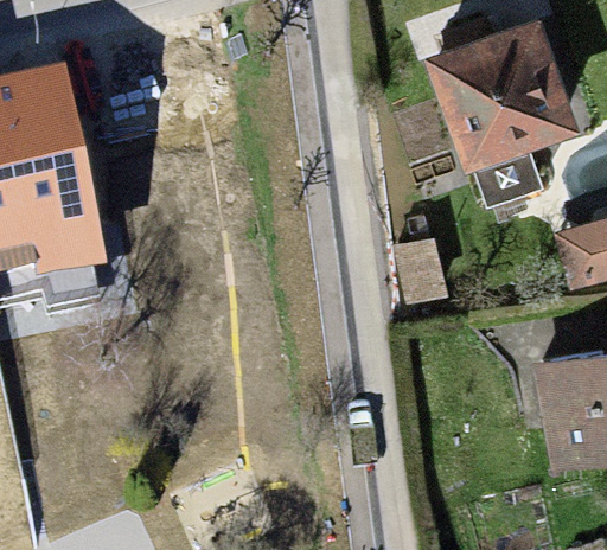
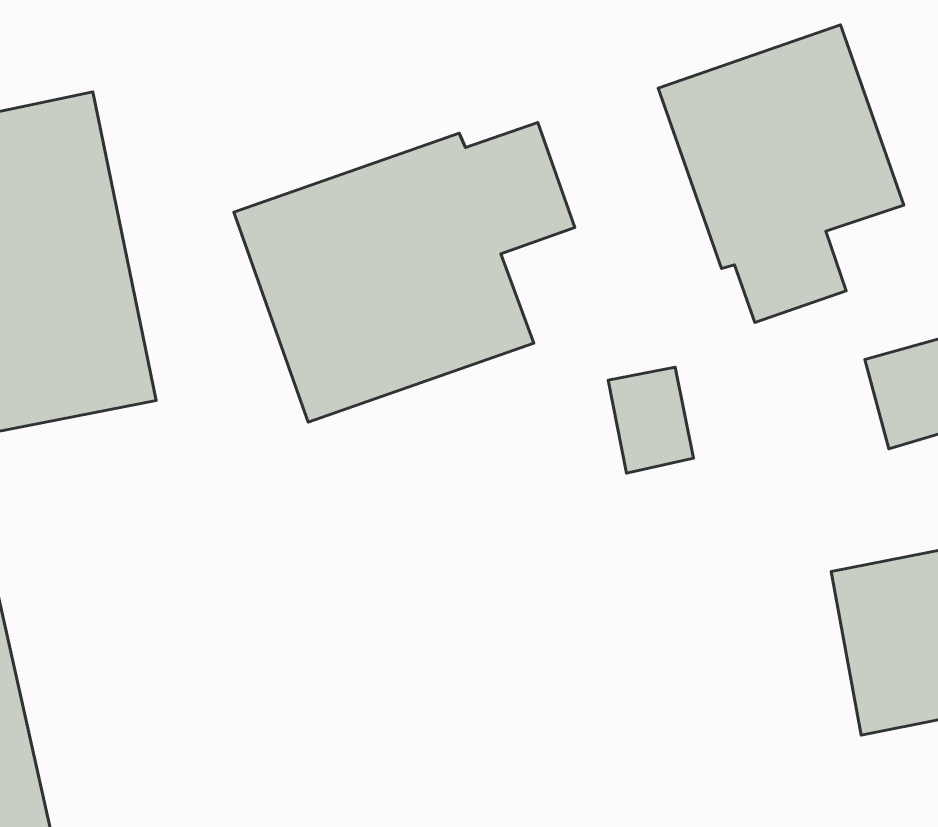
building: none -> [234,122,575,422]

